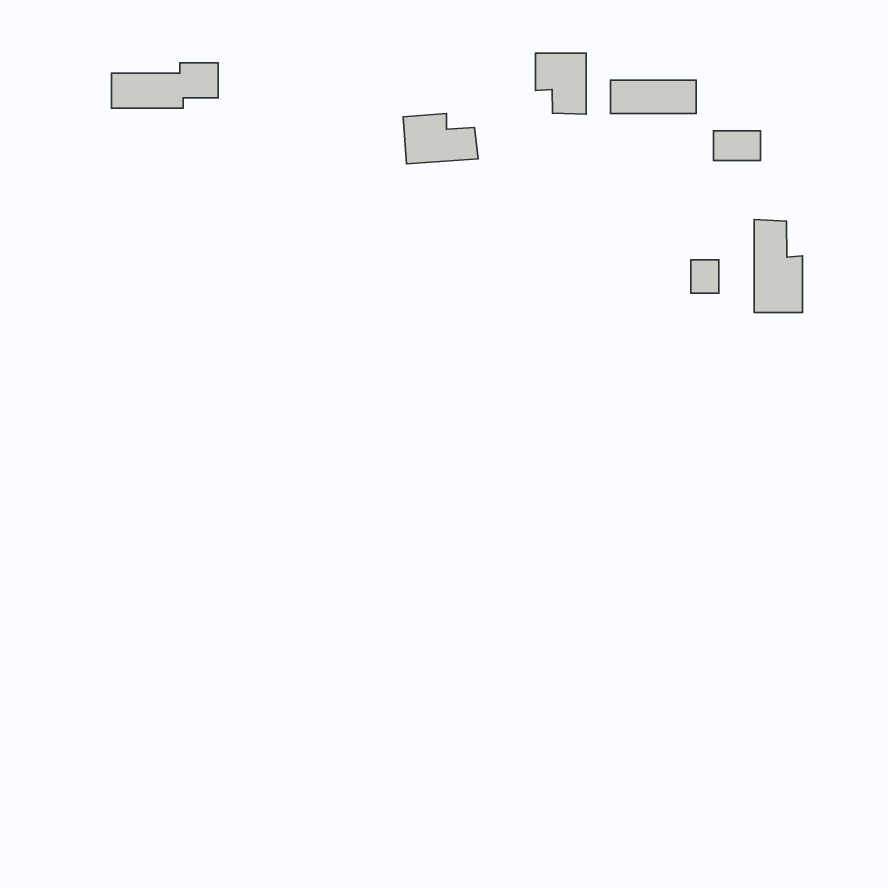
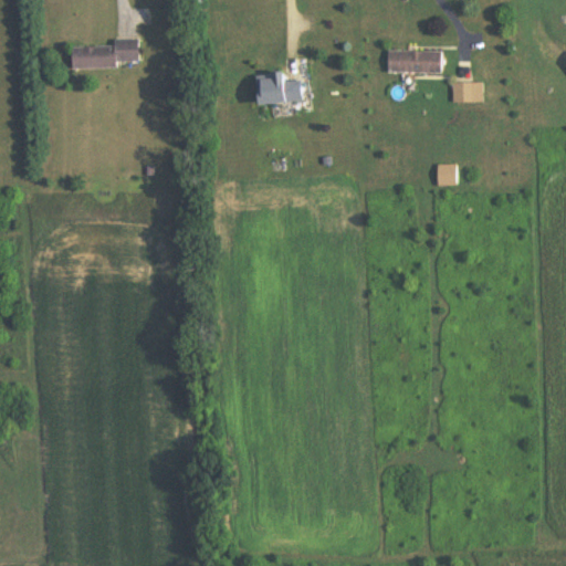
building: [535,53,586,114] -> none
building: [754,220,803,312] -> none

